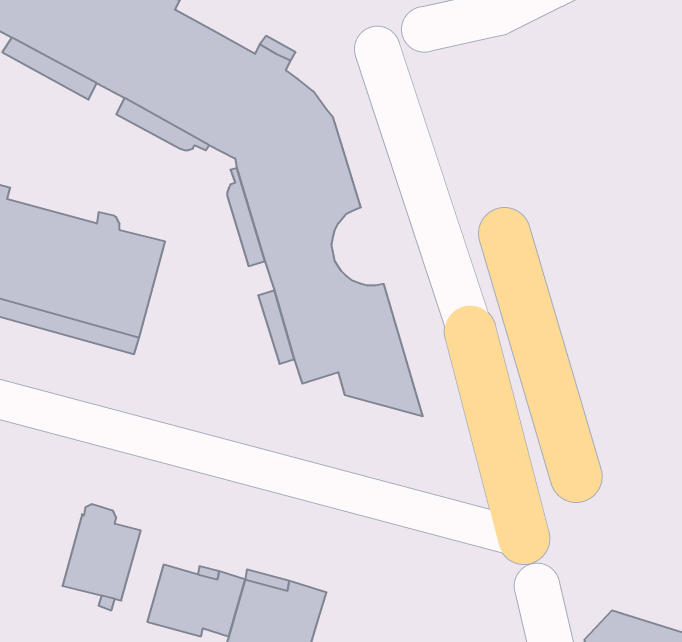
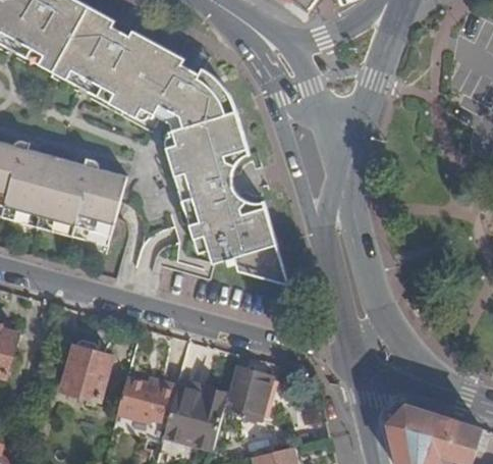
building: none -> [222,365,272,421]

